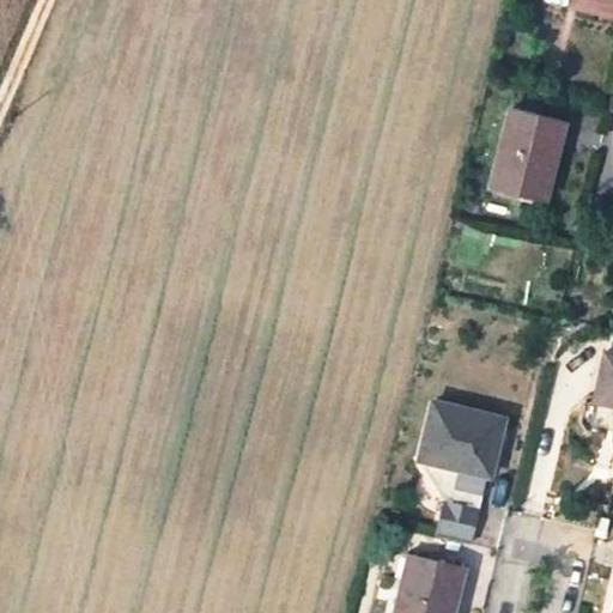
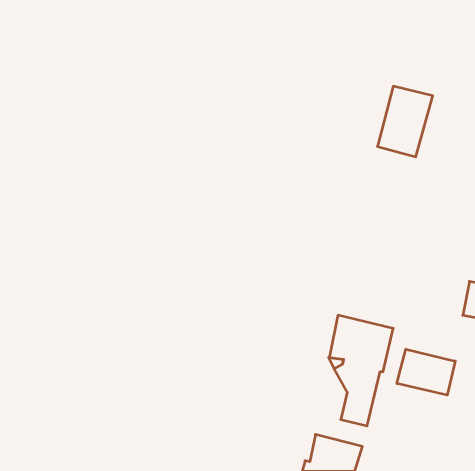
building: none -> [397,349,455,395]

